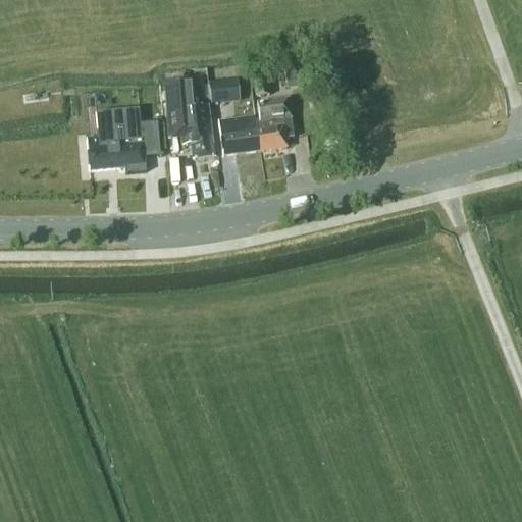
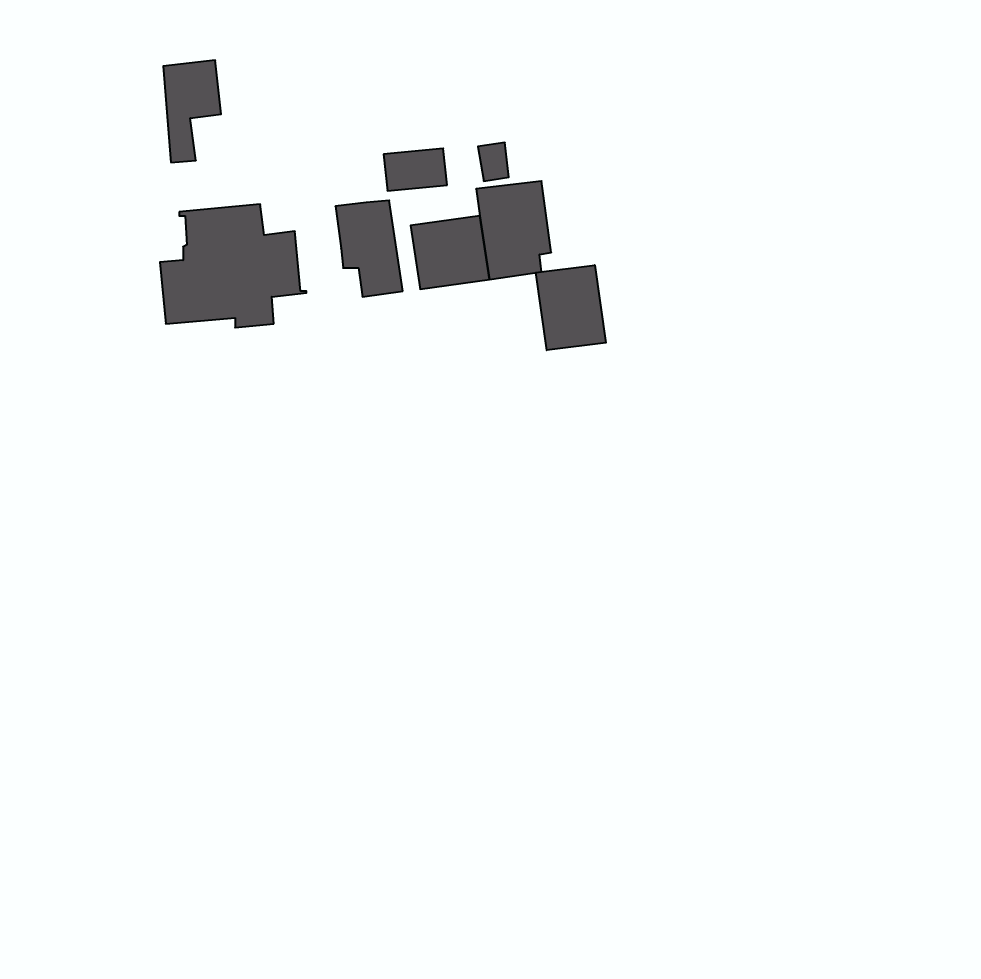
building: [165,79,196,133] -> [163,60,221,162]
building: none -> [536,265,606,350]

